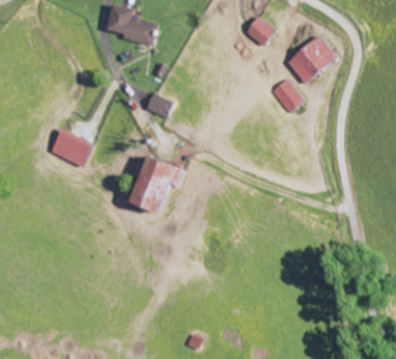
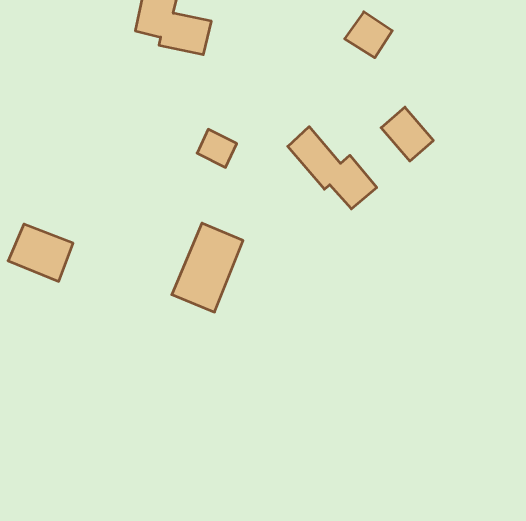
building: [285,36,337,84] -> none
building: none -> [288,127,377,209]
building: [49,130,91,167] -> [8,224,73,281]

